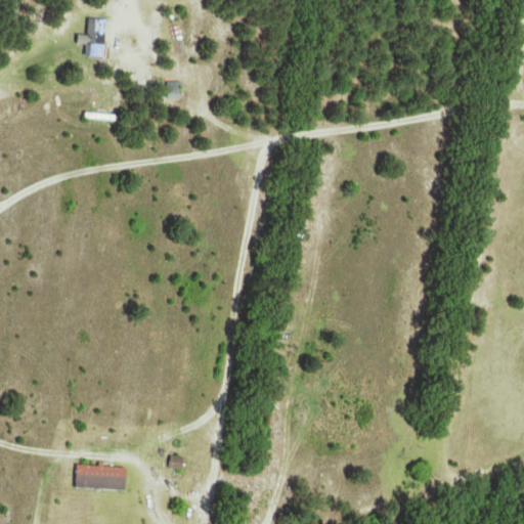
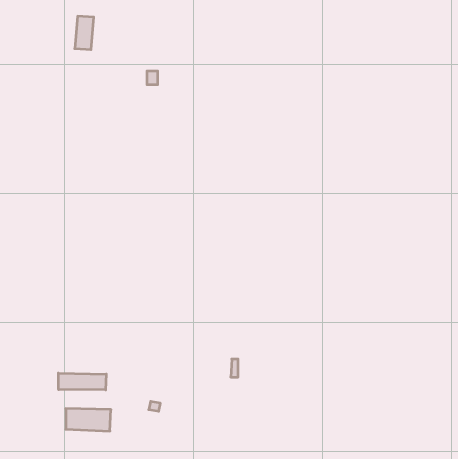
building: none -> [58,373,106,390]

